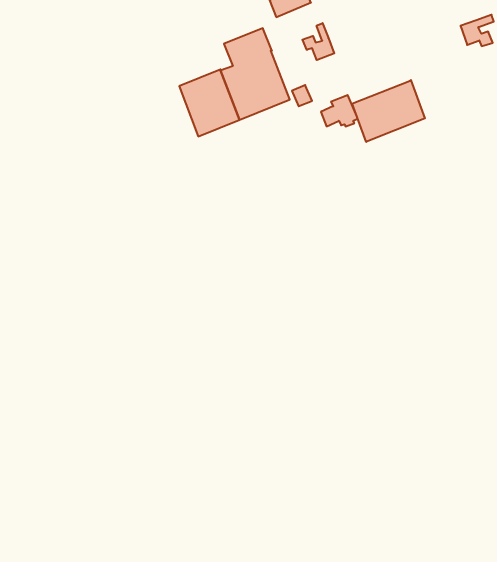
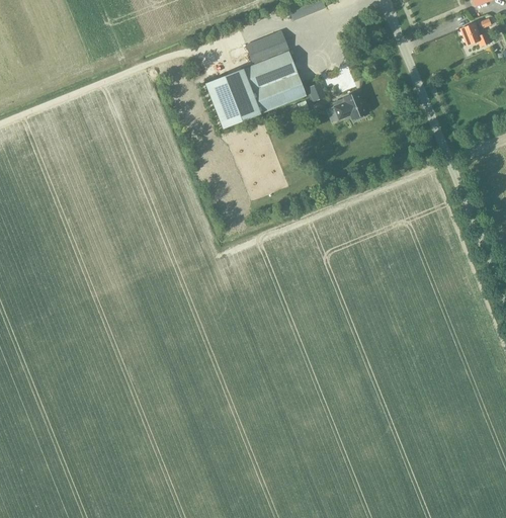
building: [302,23,334,60] -> none
building: [352,80,425,142] -> none

